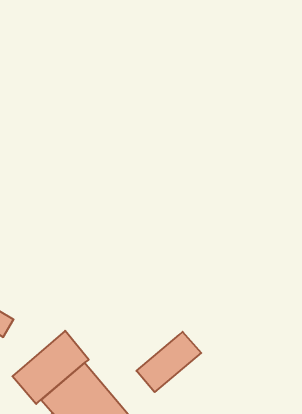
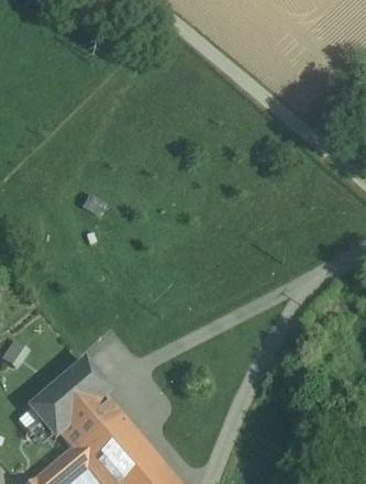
building: [136,332,201,392] -> none

